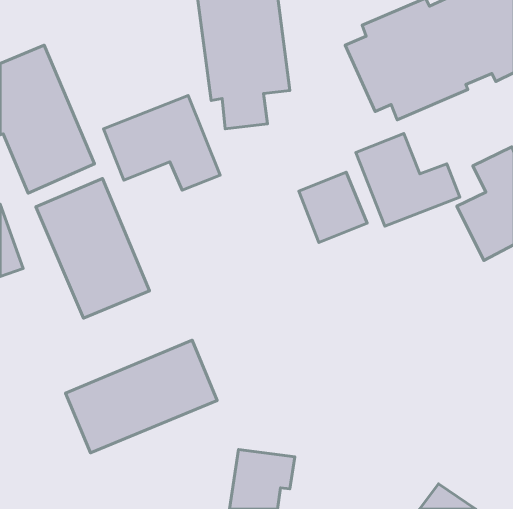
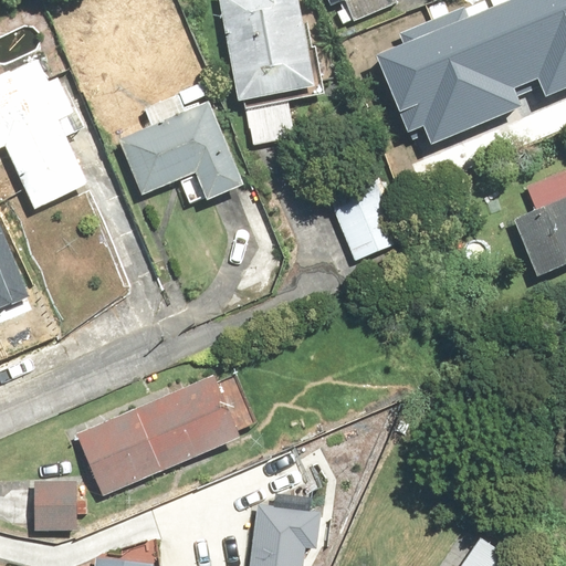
building: [356,133,460,226] -> none
building: [36,179,150,318] -> none
building: none -> [30,479,74,534]

